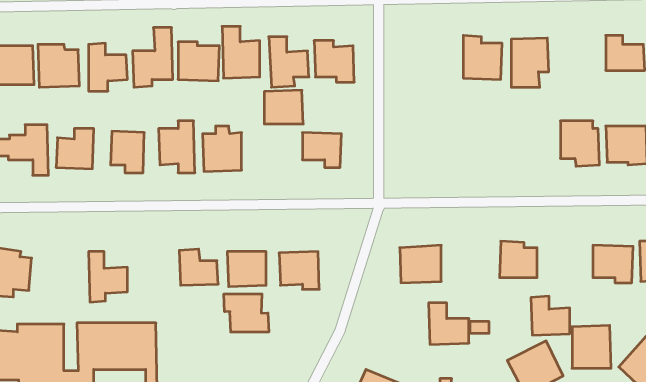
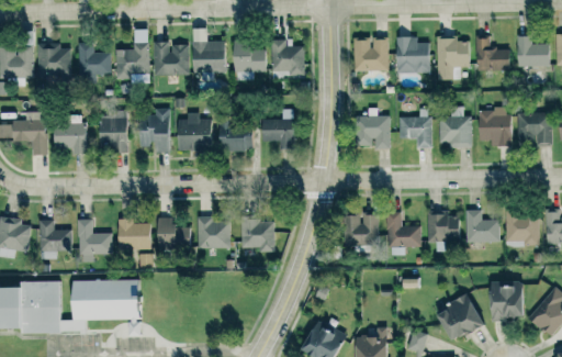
building: none -> [476,37,510,70]
building: none -> [353,38,390,71]
building: [264,90,303,124] -> [218,123,251,152]
building: none -> [440,107,473,148]
building: none -> [400,109,434,148]
building: none -> [356,115,391,149]
building: none -> [41,220,74,259]
building: none -> [119,221,150,249]
building: [224,294,269,332] -> none
building: [531,296,570,335] -> [468,210,501,243]
building: [429,303,469,344] -> [387,213,422,248]

